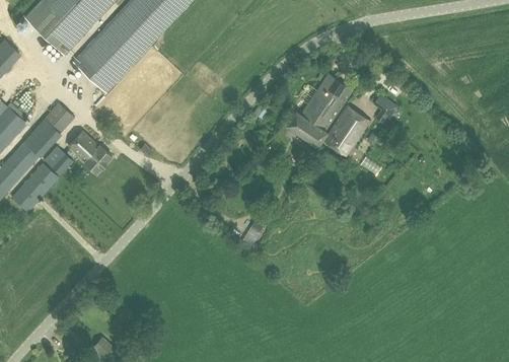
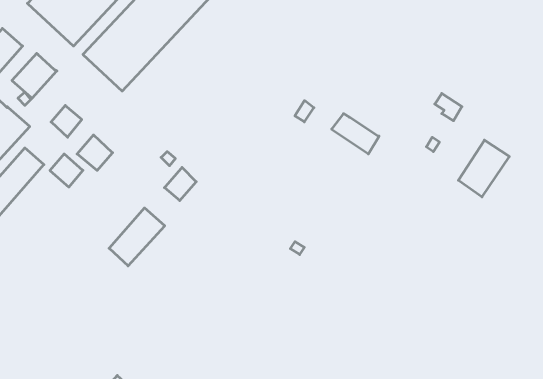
building: [300,73,351,131] -> none
building: [324,106,368,155] -> [458,140,509,197]
building: [22,118,61,156] -> [12,53,57,98]
building: [83,144,111,172] -> [164,167,196,201]
building: [11,162,59,212] -> [109,208,165,266]

